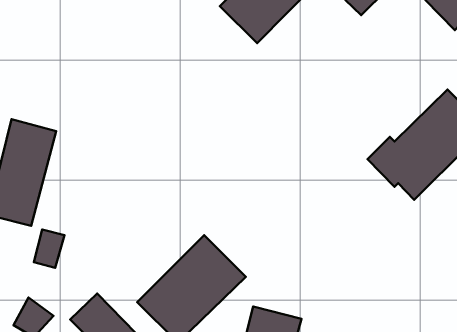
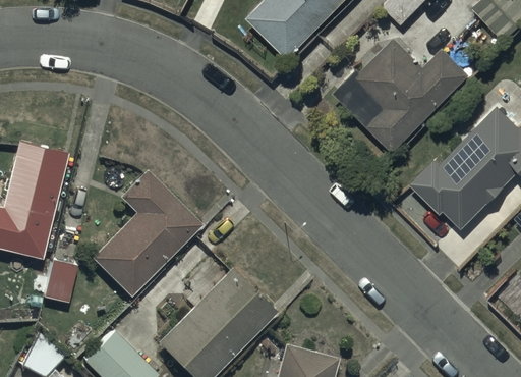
building: none -> [335,38,469,152]
building: none -> [92,171,201,295]

